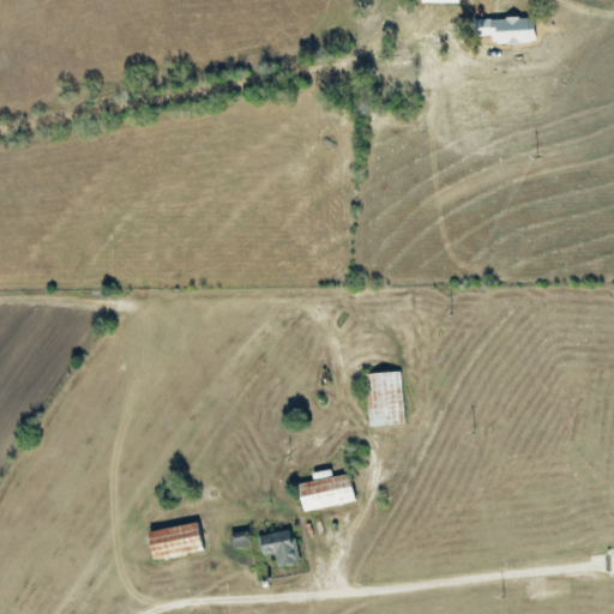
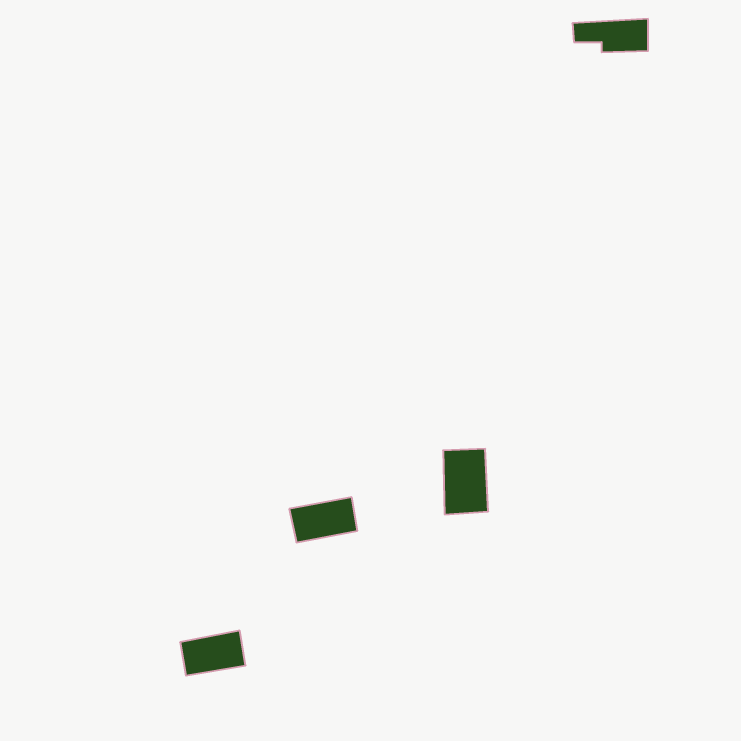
building: [299,472,355,510] -> [289,497,357,542]
building: [258,528,297,564] -> none

